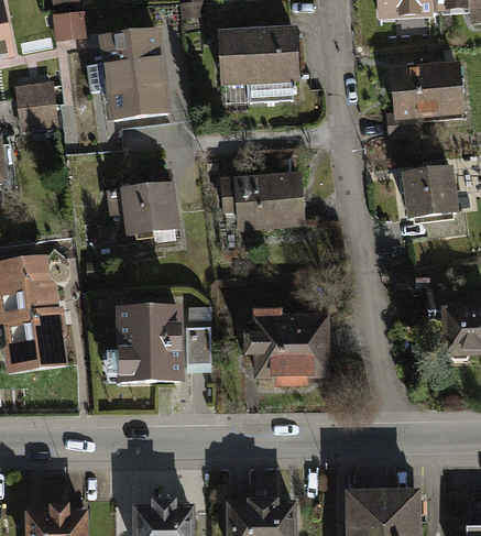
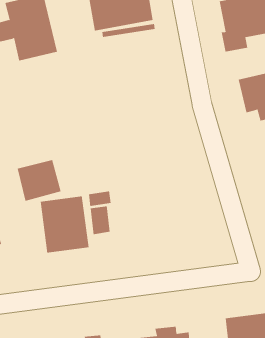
building: [220,173,306,232] -> none
building: [124,187,181,239] -> [17,160,61,201]
building: [241,314,331,382] -> none

